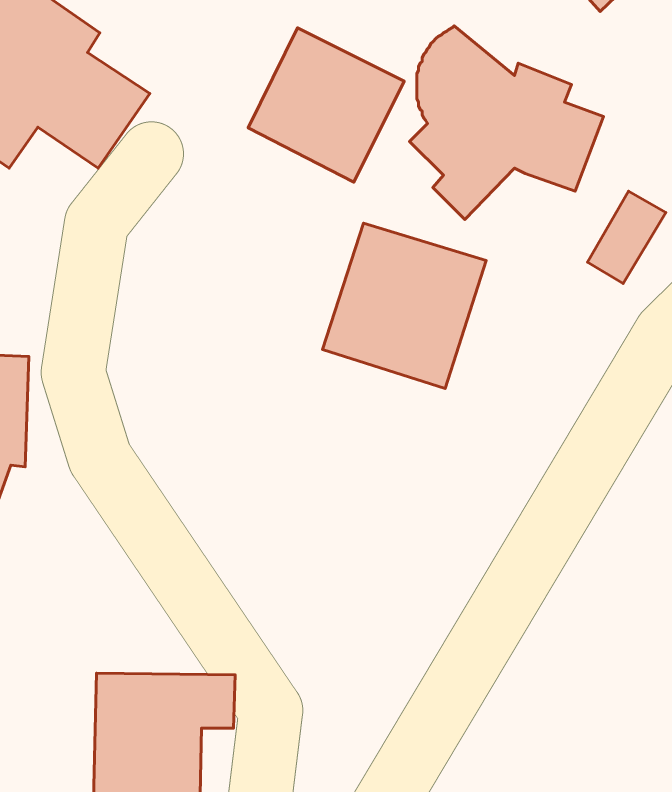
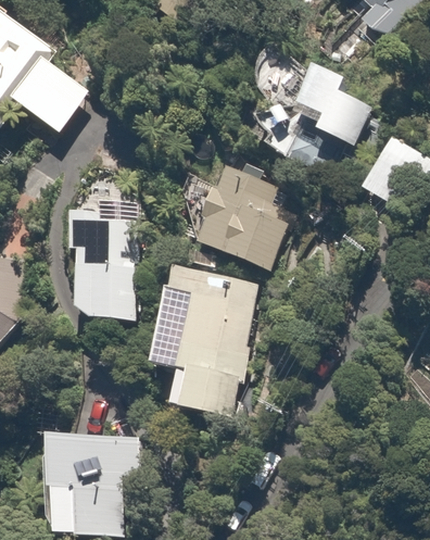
building: [248,28,404,182] -> none
building: none -> [65,198,137,319]
building: none -> [152,263,252,417]

